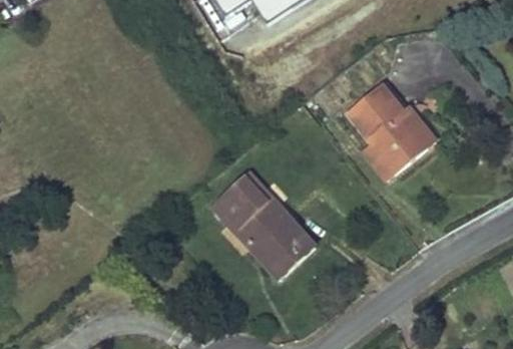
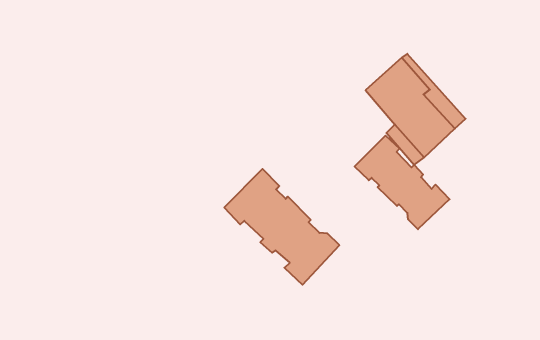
building: none -> [355,136,450,229]

